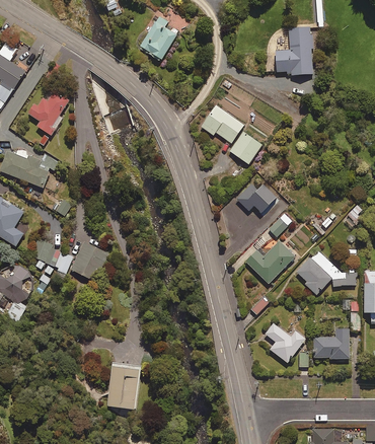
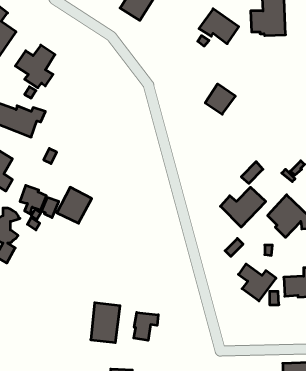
building: [200,105,242,143] -> [199,9,239,44]
building: [236,187,276,214] -> none
building: none -> [134,312,158,340]

